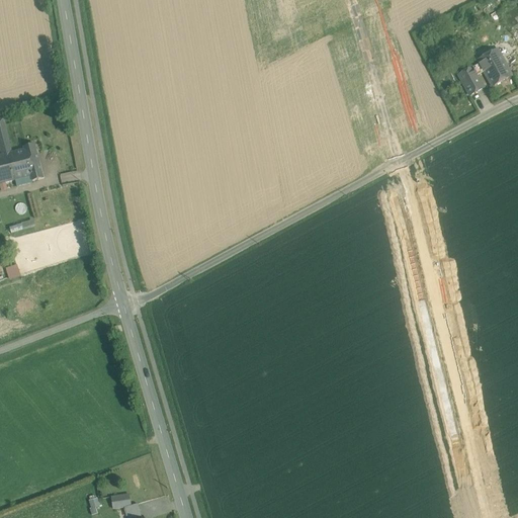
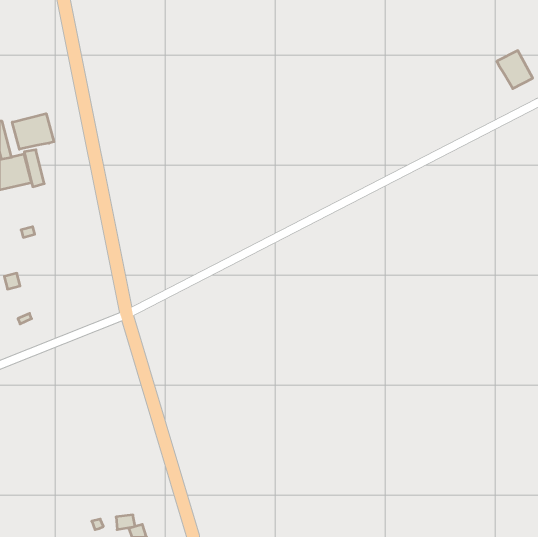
building: [457,63,484,94] -> none
building: none -> [12,114,54,149]

